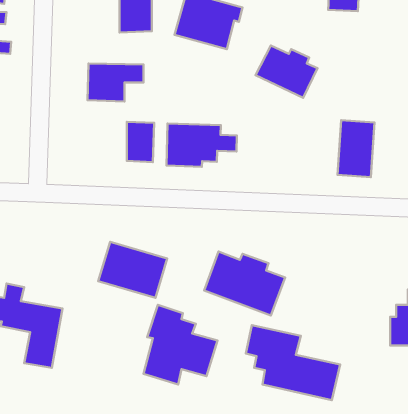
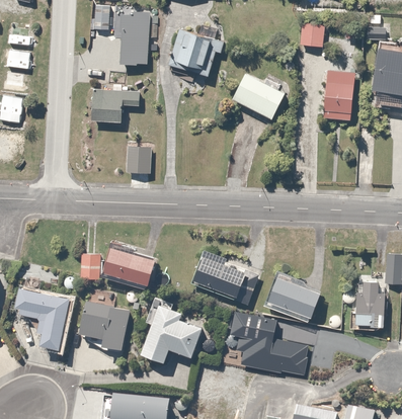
building: [338,120,374,177] -> [324,72,355,120]
building: [166,124,237,167] -> none
building: none -> [77,252,99,279]
building: none -> [265,274,323,322]
building: none -> [81,291,133,352]

